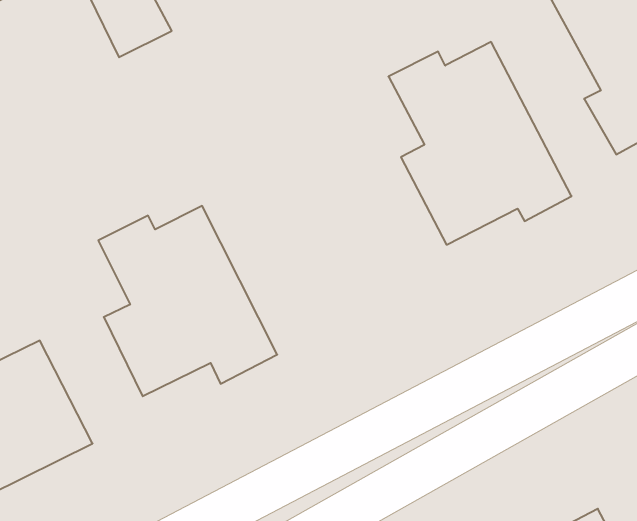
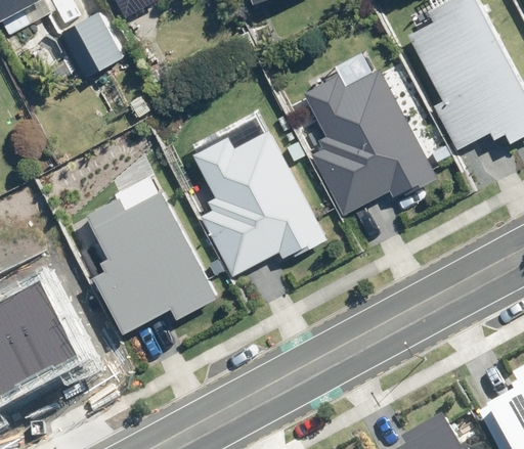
building: none -> [174,103,323,270]

